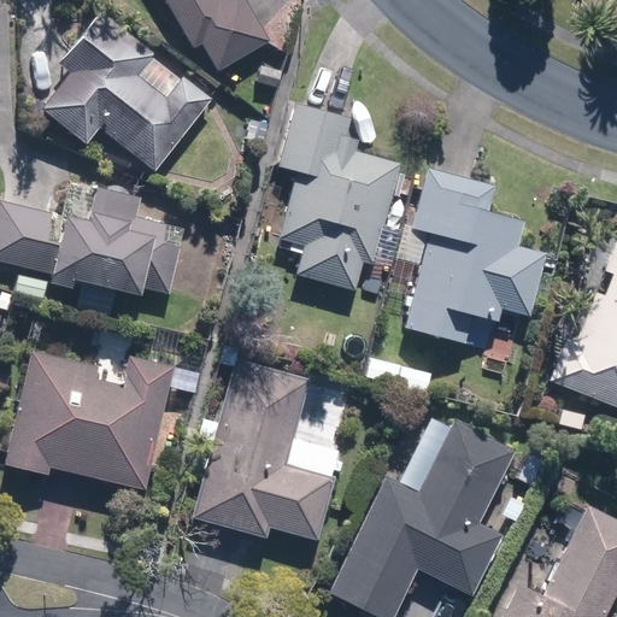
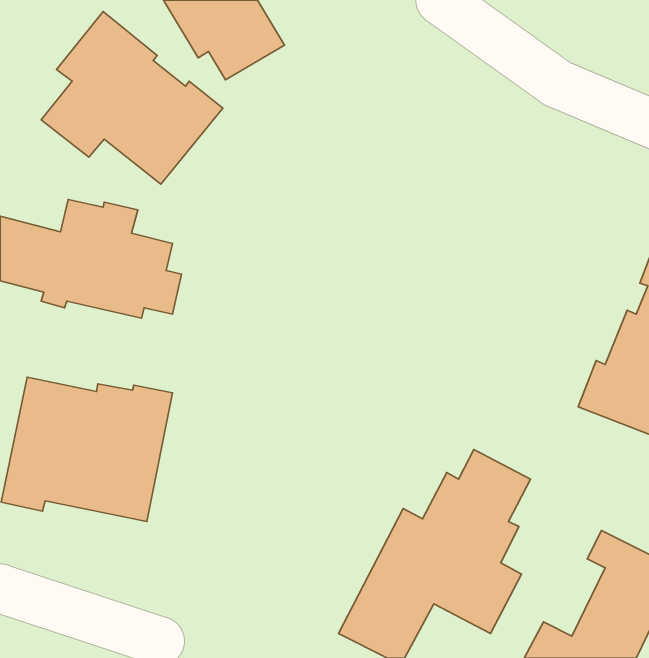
building: [276,100,402,289] -> none
building: [404,168,551,343] -> none
building: [194,358,346,542] -> none

